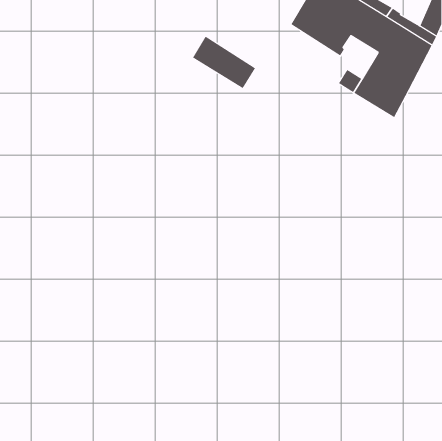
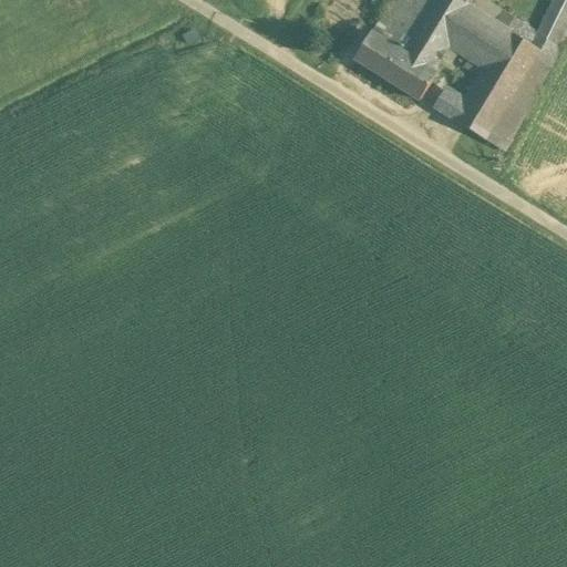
building: [192,36,256,89] -> [354,31,436,99]

